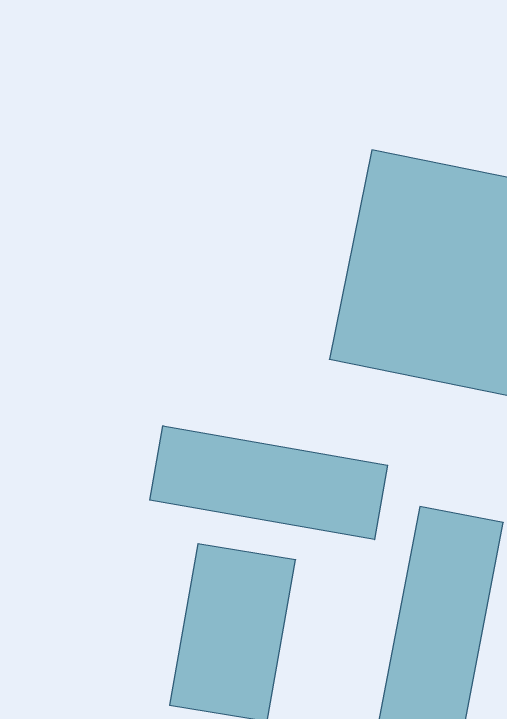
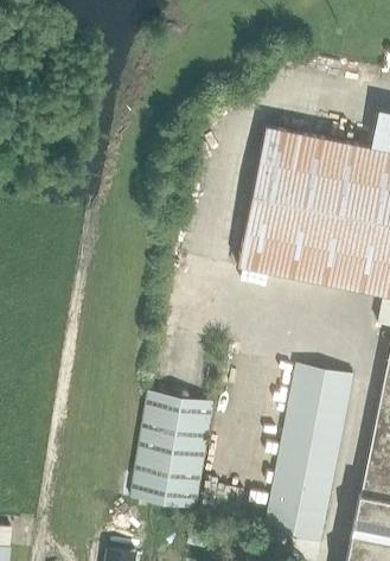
building: [150,426,388,540] -> none

